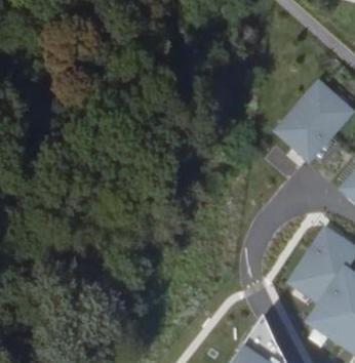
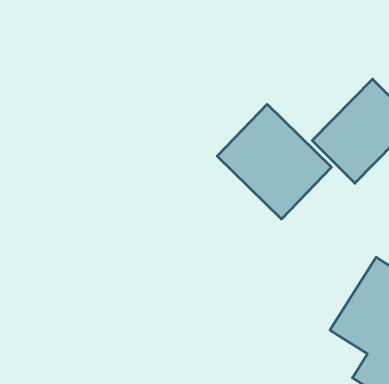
building: none -> [217,104,331,219]

